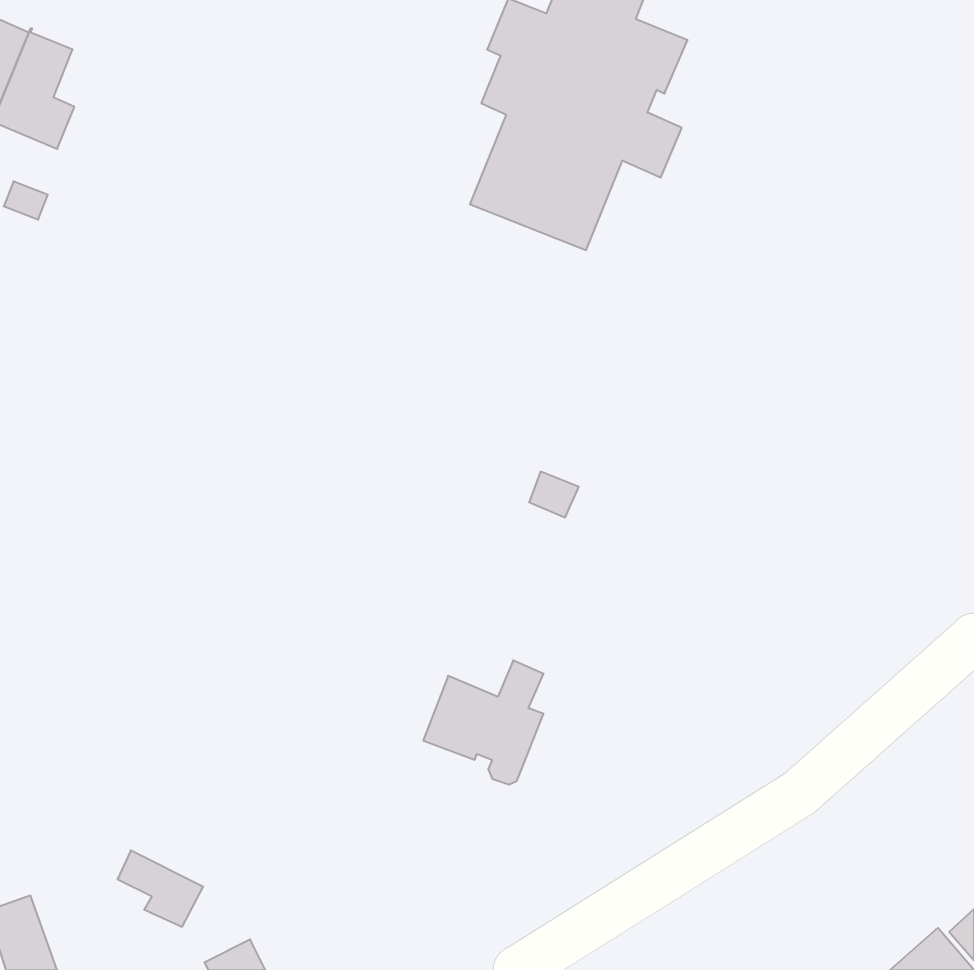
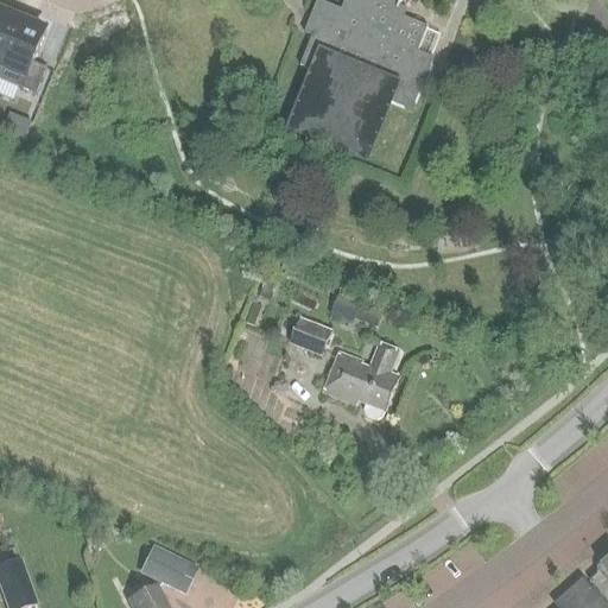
building: none -> [291,318,330,354]
building: [423,660,544,785] -> [323,342,398,419]
building: [117,850,203,927] -> [144,545,197,593]

